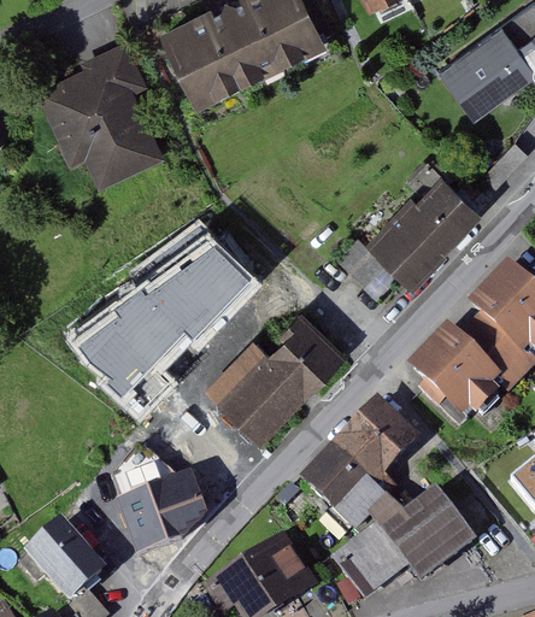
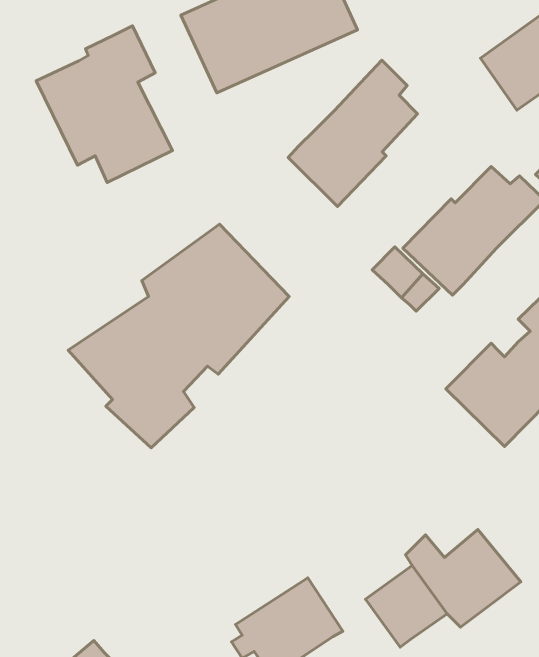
building: none -> [288,60,418,206]
building: [207,313,343,437] -> none
building: [301,402,417,531] -> none
building: [119,454,213,560] -> none
building: [25,524,98,600] -> none

